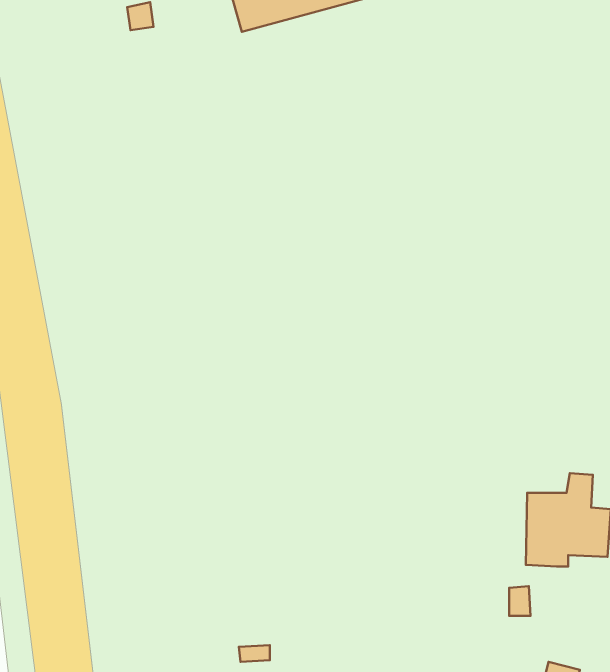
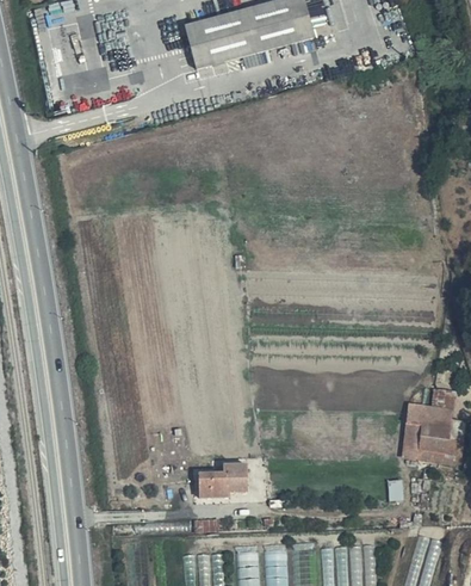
building: none -> [198,462,247,498]

